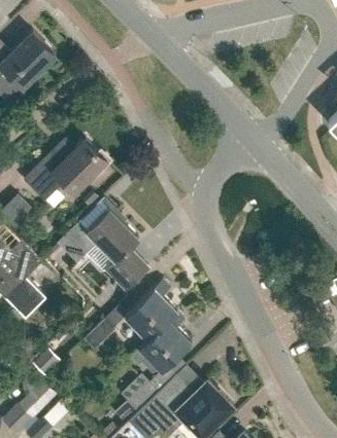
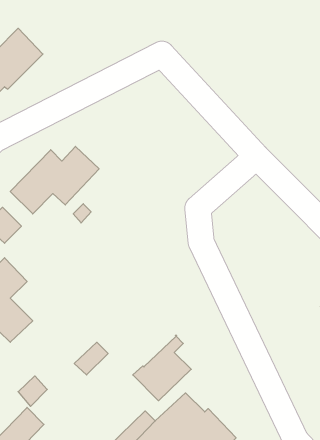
building: [59,211,148,291] -> none
building: [125,281,178,341] -> none

